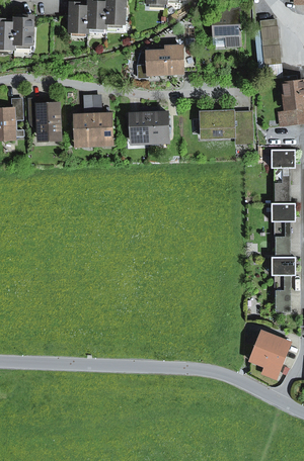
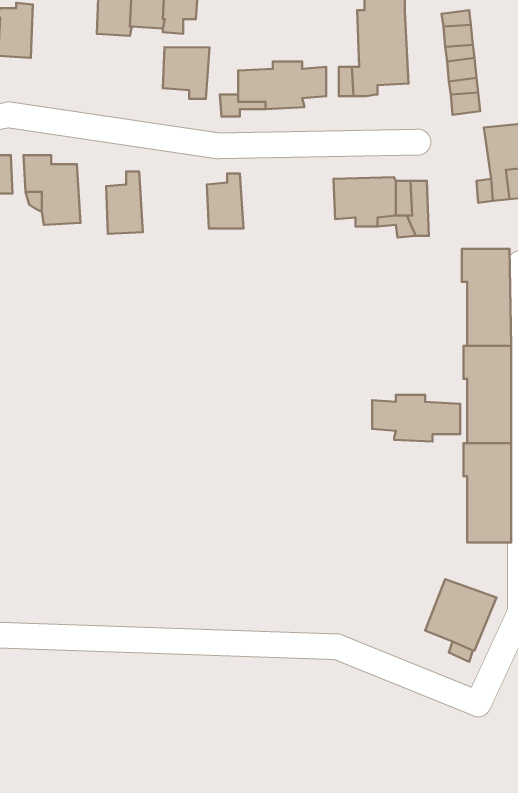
building: none -> [163,47,210,99]
building: [92,107,112,141] -> none
building: [148,107,169,139] -> none
building: none -> [372,395,460,441]

